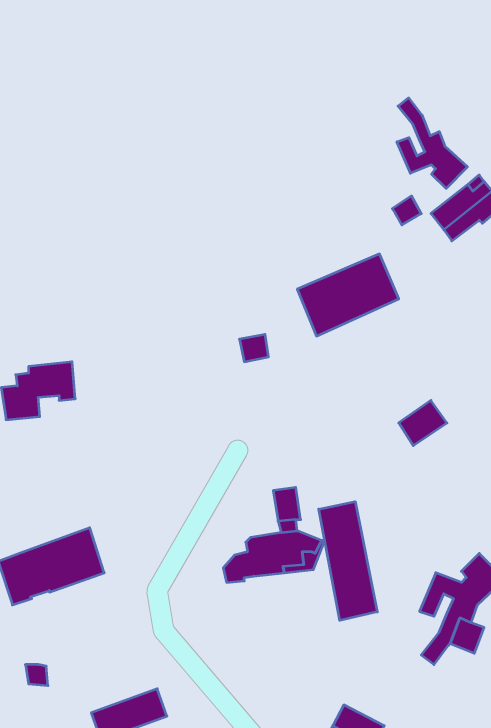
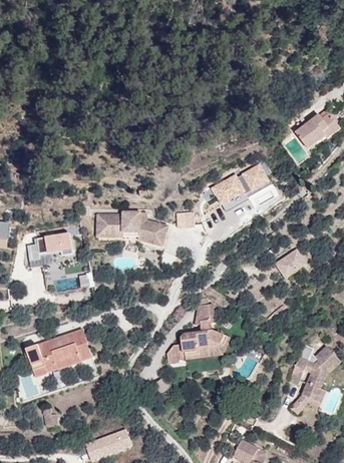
building: [397,98,467,188] -> none
building: none -> [96,212,167,248]
building: [319,502,377,620] -> none

